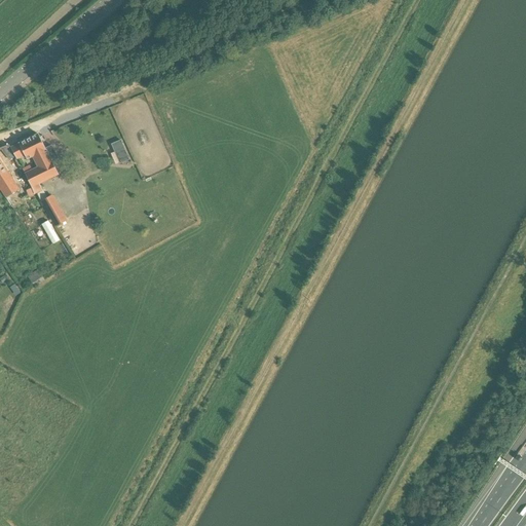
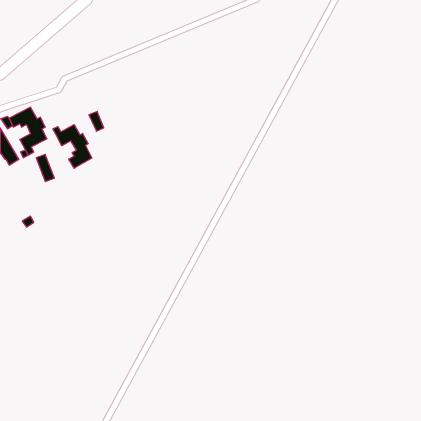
building: none -> [53,125,92,168]

